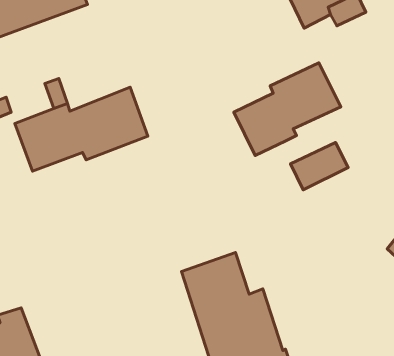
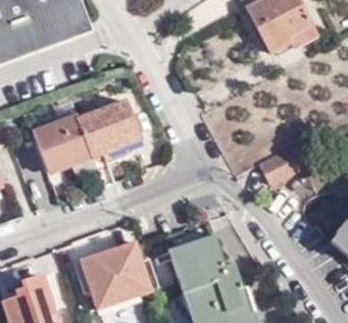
building: [234,63,341,155] -> none
building: none -> [69,247,149,311]

